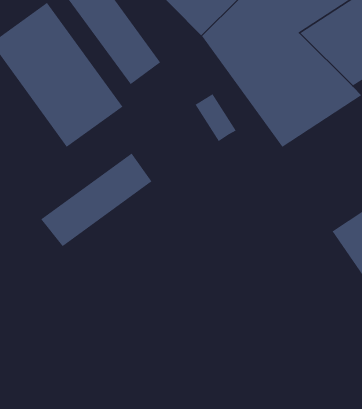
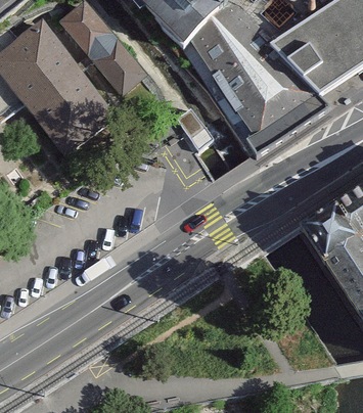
building: [40,153,153,247] -> none

